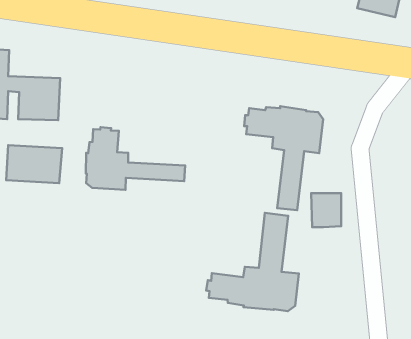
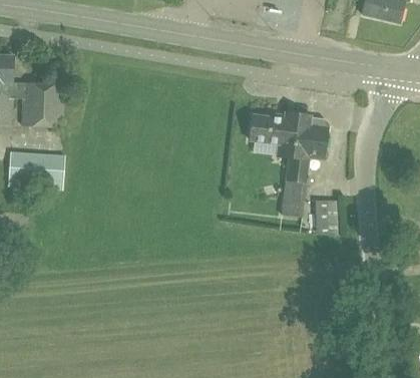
building: [86,127,185,190] -> none
building: [206,213,299,311] -> none

